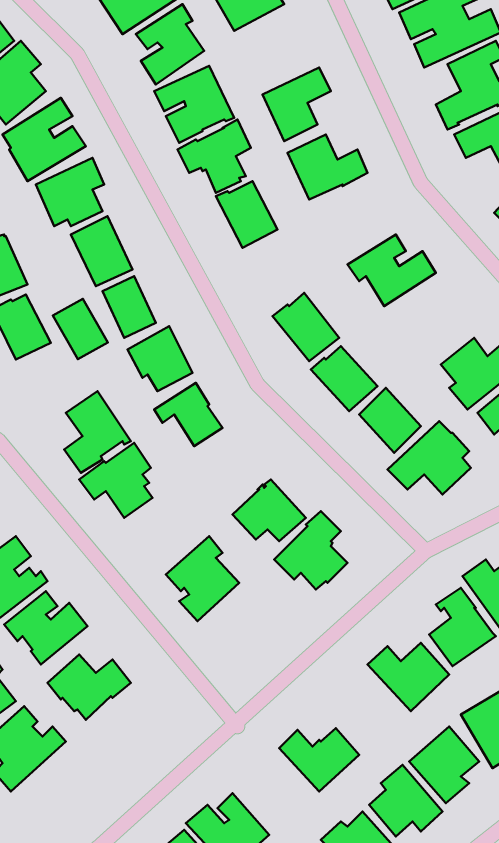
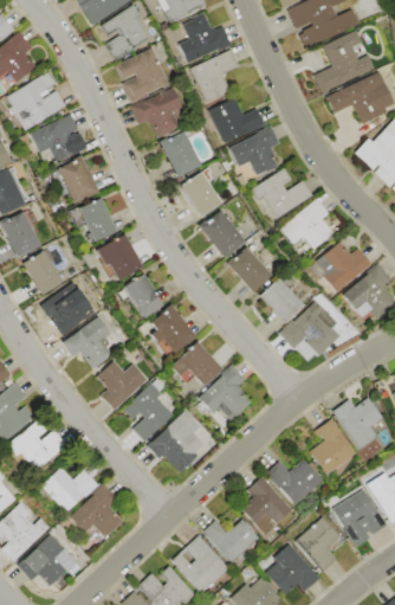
building: none -> [179,13,232,63]
building: none -> [229,125,280,175]
building: none -> [180,172,221,217]
building: none -> [280,199,335,249]
building: [53,299,108,359] -> [21,251,60,294]
building: none -> [149,304,194,353]
building: none -> [97,361,147,411]
building: none -> [147,411,202,472]
building: none -> [240,476,292,535]
building: none -> [69,483,122,538]
building: none -> [17,534,79,586]
building: none -> [171,535,229,592]

